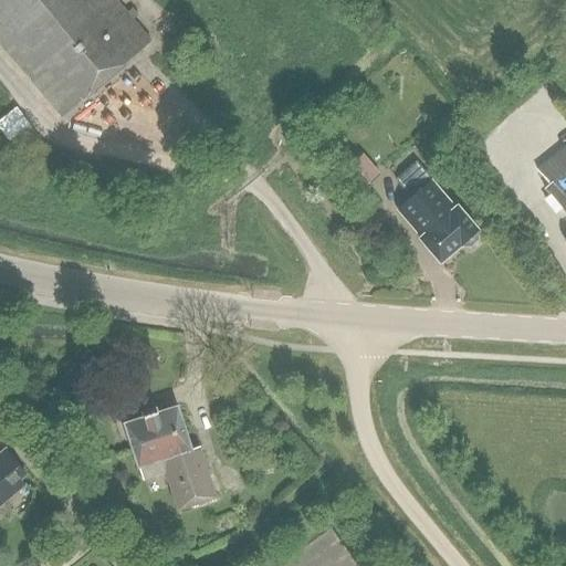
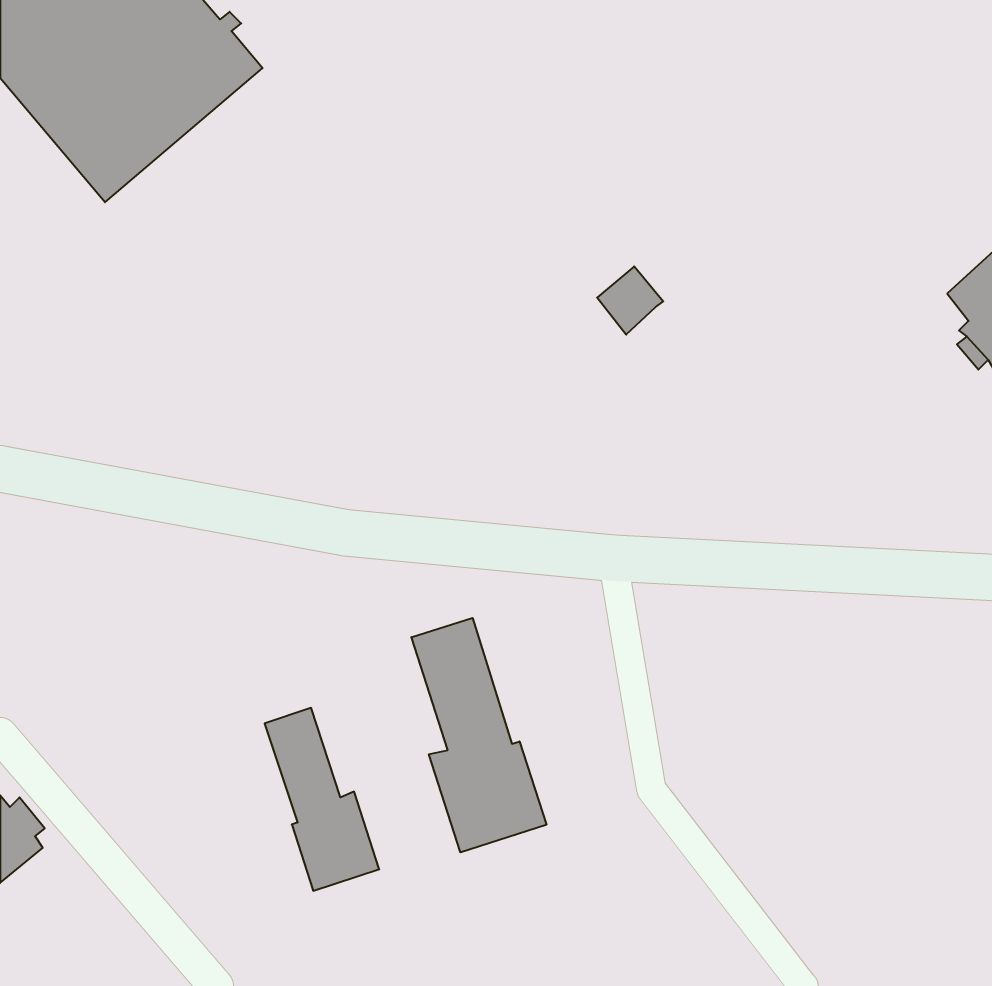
building: [392,161,478,260] -> none
building: none -> [411,618,546,852]
building: [126,411,170,475] -> none

